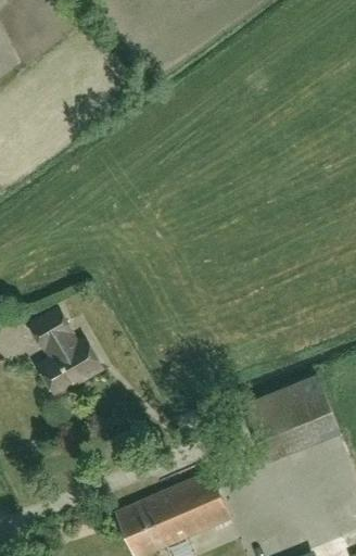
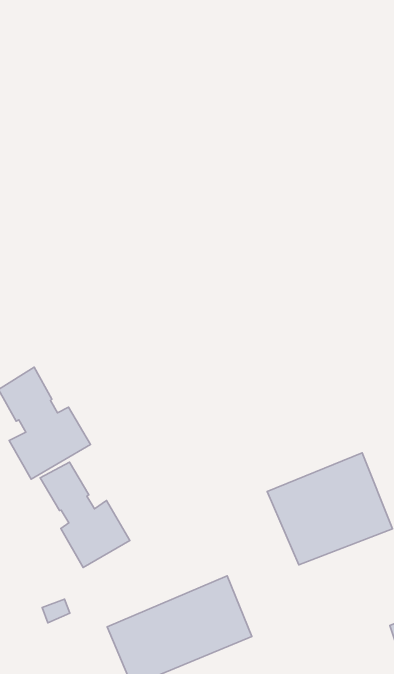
building: none -> [40,462,130,568]

